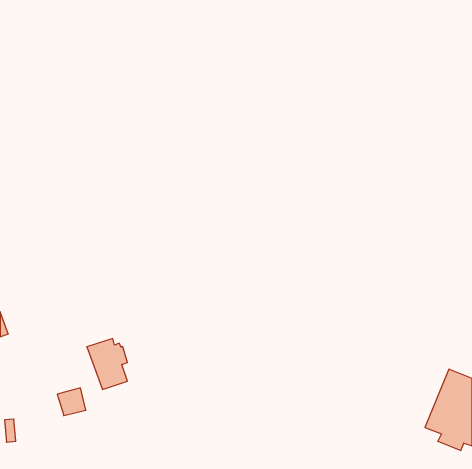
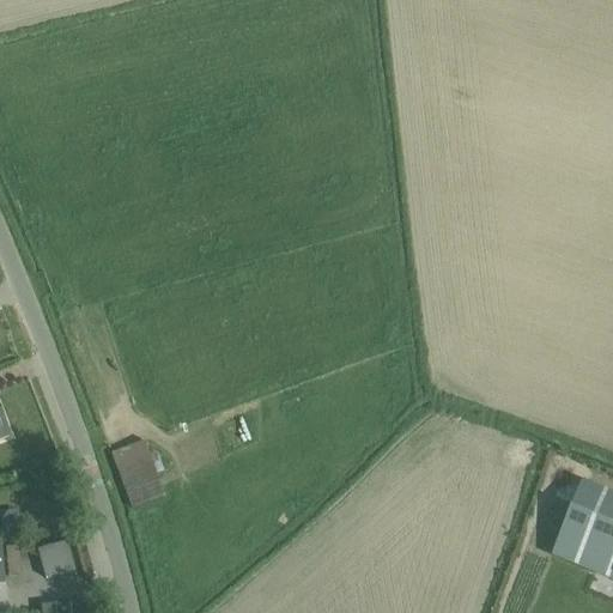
building: [57,388,86,416] -> [37,539,74,575]

